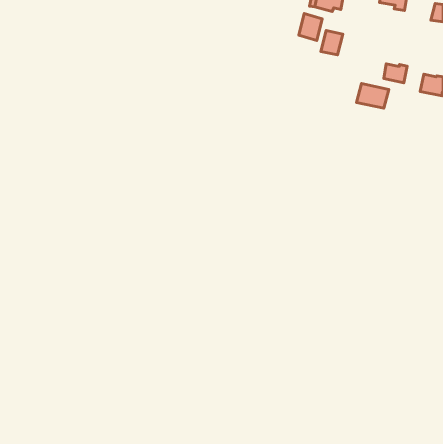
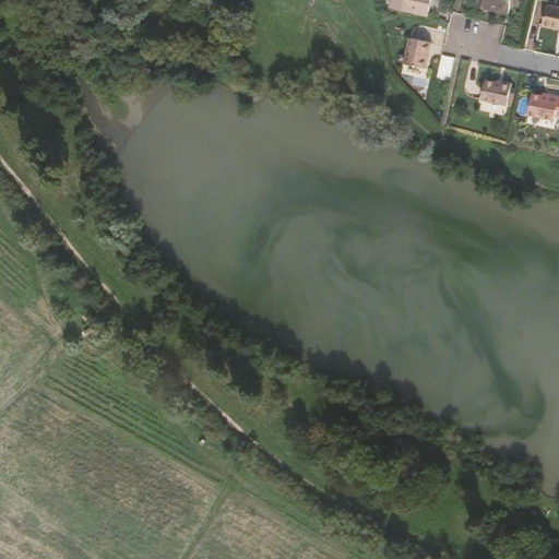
building: [299,14,322,40] -> none
building: [357,84,389,108] -> none

